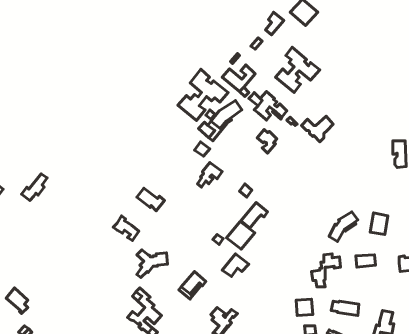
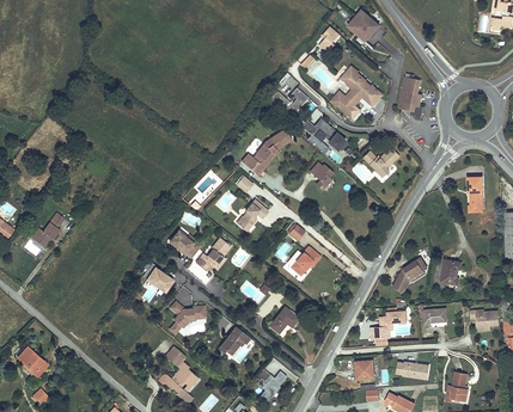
building: none -> [398,75,423,121]
building: [178,69,228,120] -> none
building: none -> [195,238,231,270]
building: [227,221,255,249] -> none

